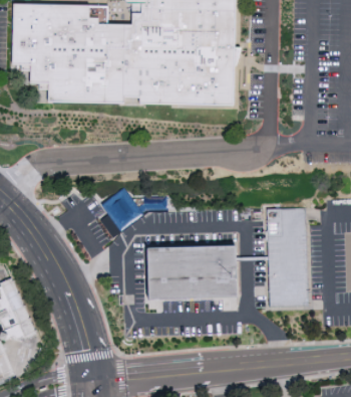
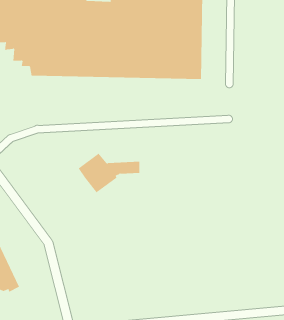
building: [266,208,308,307] -> none
building: [143,245,233,301] -> none

